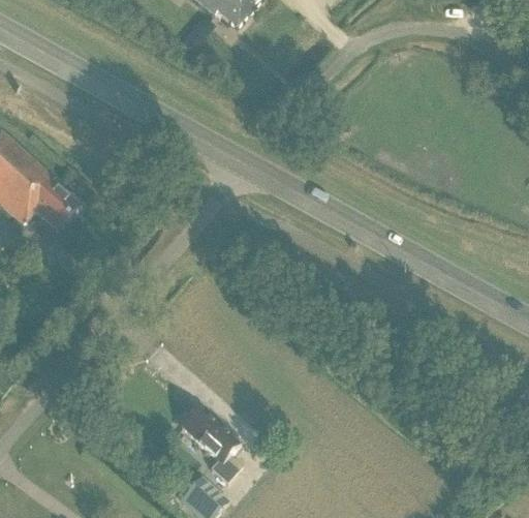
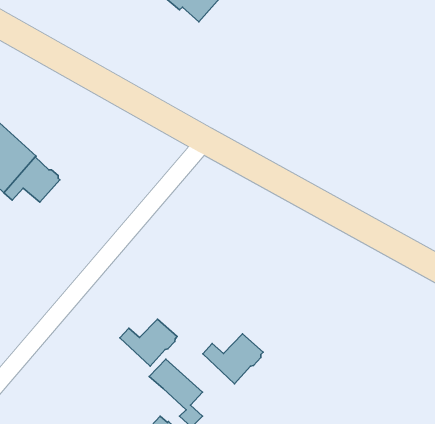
building: none -> [120,319,177,366]
building: none -> [203,334,263,384]

